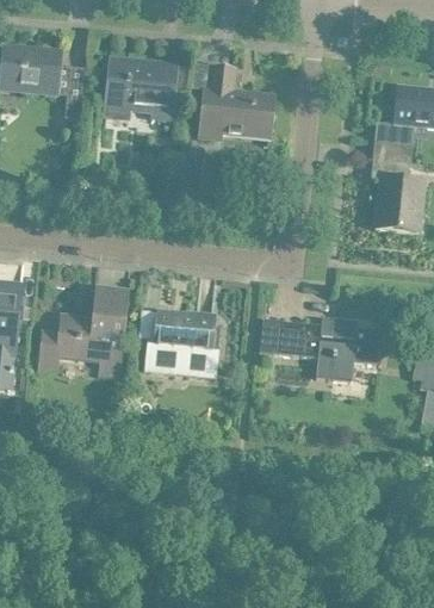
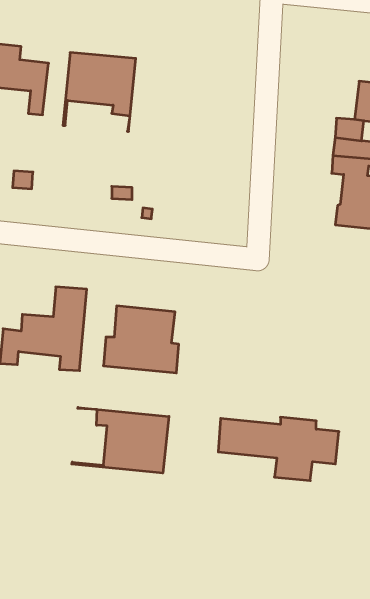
building: [199,66,273,144] -> none
building: [259,317,379,380] -> [218,417,339,481]
building: none -> [72,407,169,473]

